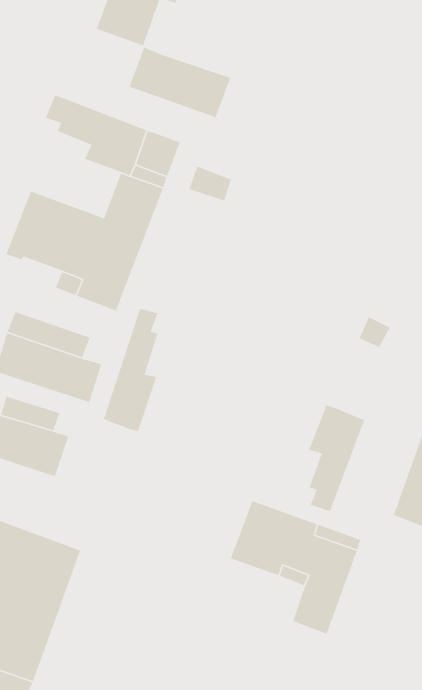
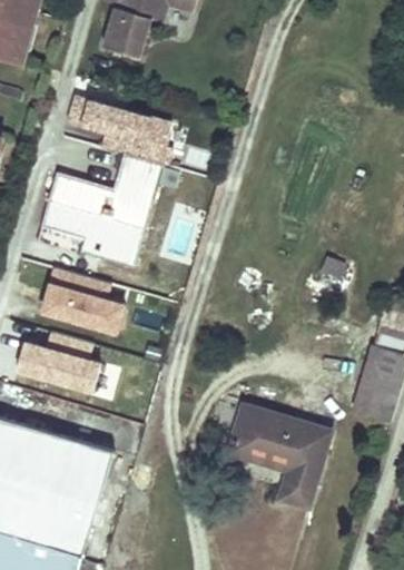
building: [129,46,231,118] -> none
building: [103,308,159,432] -> none
building: [308,405,365,512] -> none

